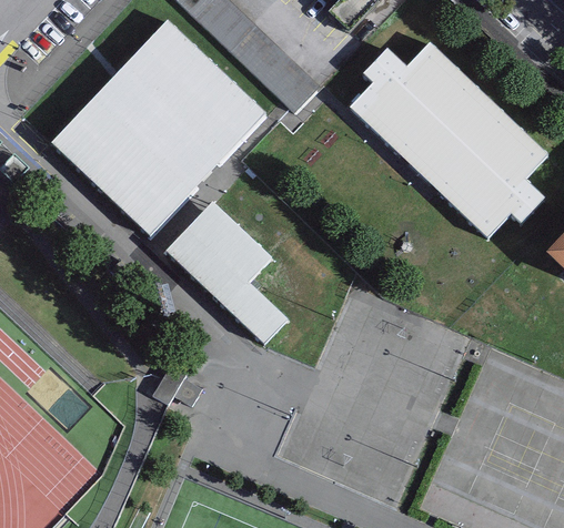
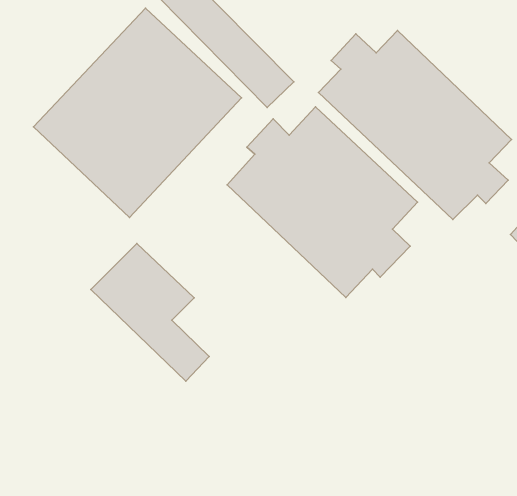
building: none -> [227,107,418,297]
building: [165,201,289,344] -> [91,243,209,381]

